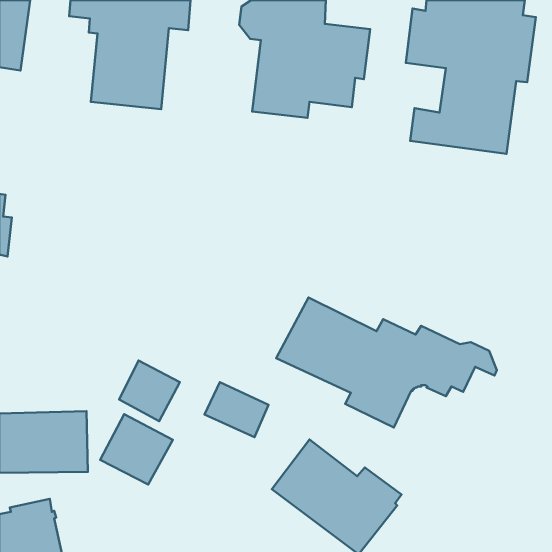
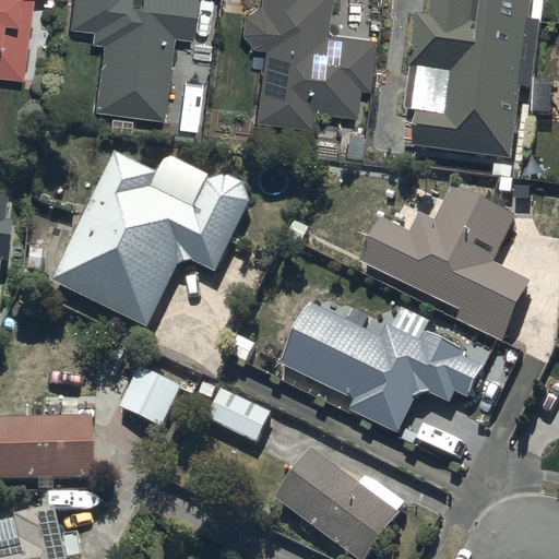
building: none -> [52,150,250,325]
building: none -> [359,183,530,344]
building: [100,414,173,484] -> none

